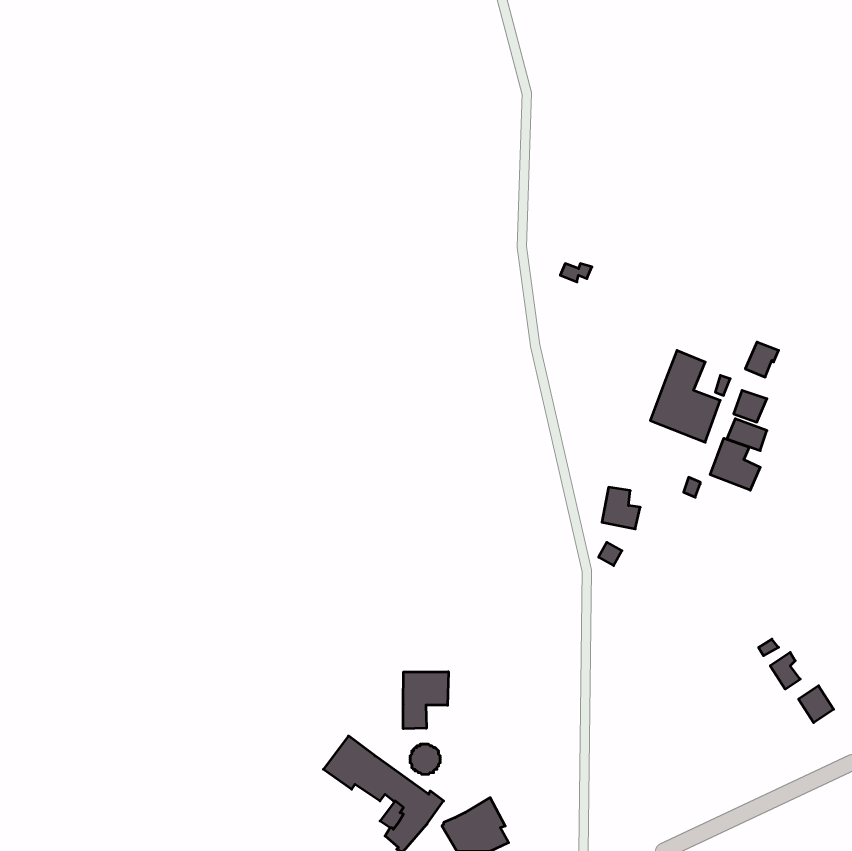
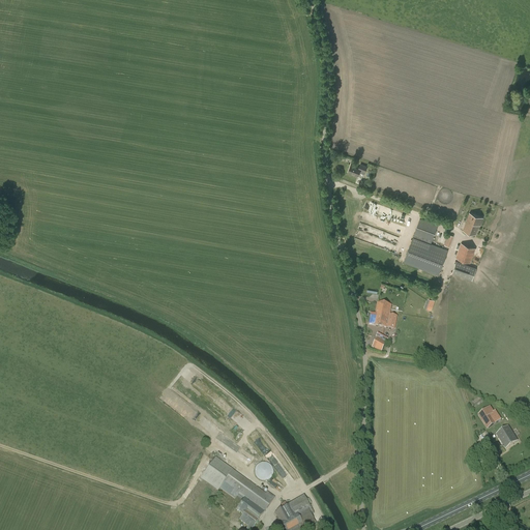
building: [710,438,760,490] -> none
building: [403,672,448,729] -> none

